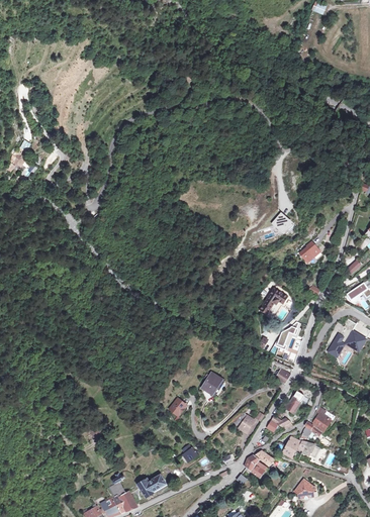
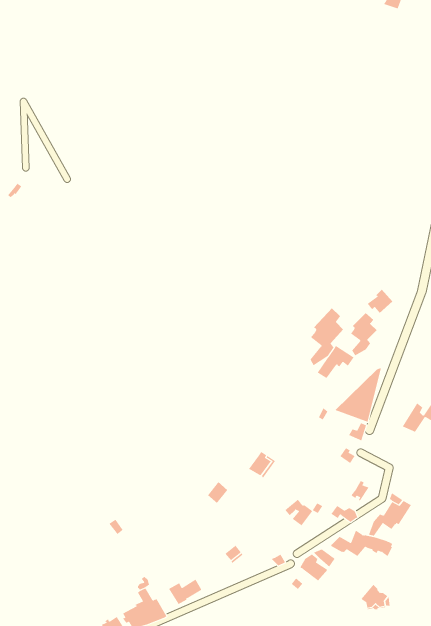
building: none -> [310,308,344,366]
building: none -> [350,312,377,356]

